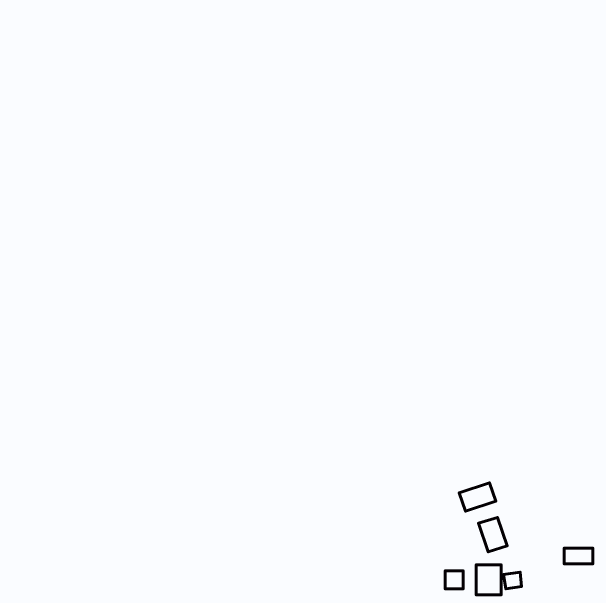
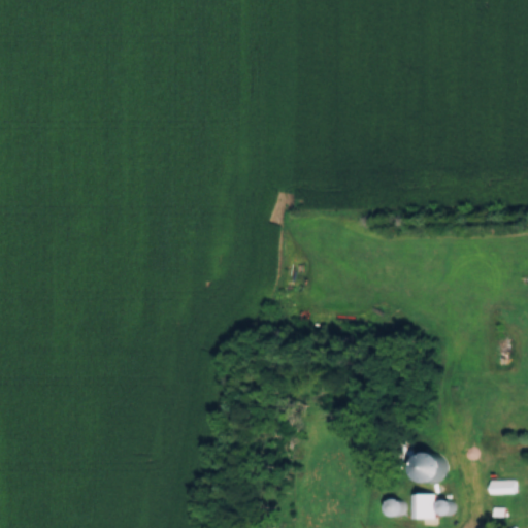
building: [459,483,496,511] -> none

